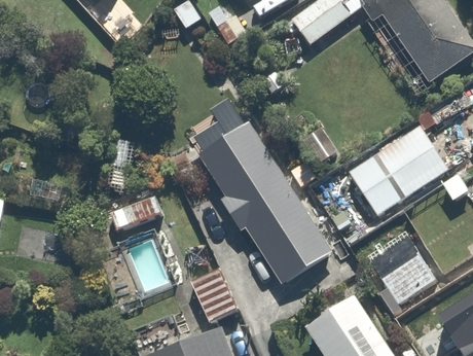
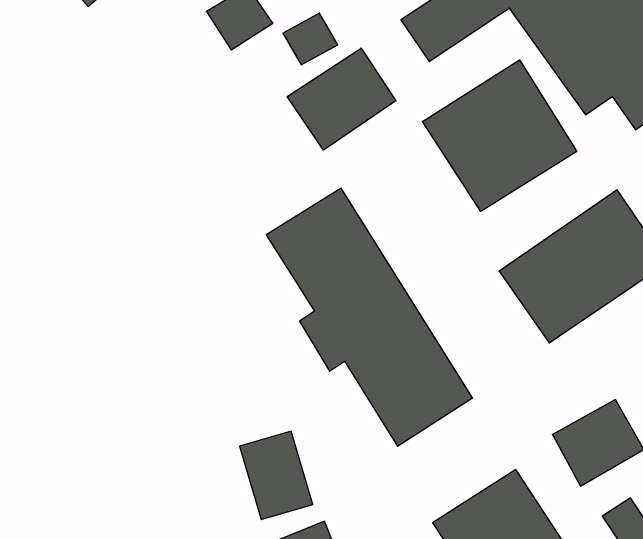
building: none -> [287,48,396,150]
building: none -> [422,60,577,211]

